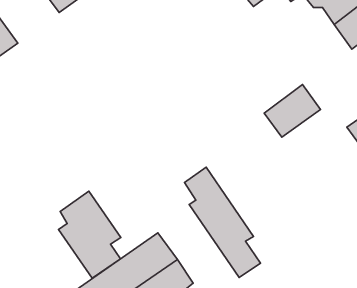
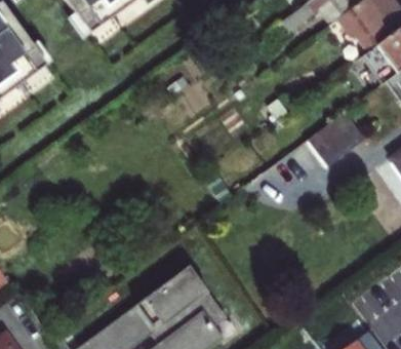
building: [185,167,260,278] -> none
building: [59,191,121,278] -> none

